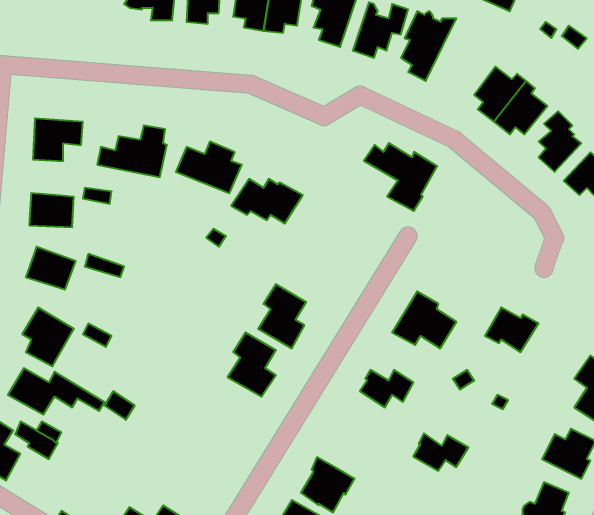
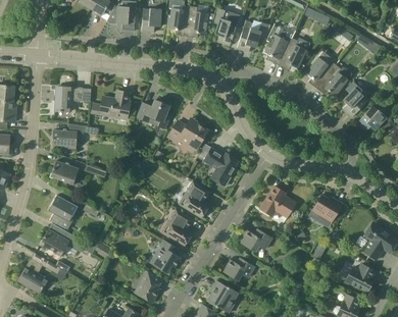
building: none -> [279,38,310,70]
building: [364,143,437,211] -> [197,148,239,187]
building: none -> [153,240,181,273]
building: [413,433,469,471] -> [223,259,255,280]
building: none -> [137,270,162,303]

